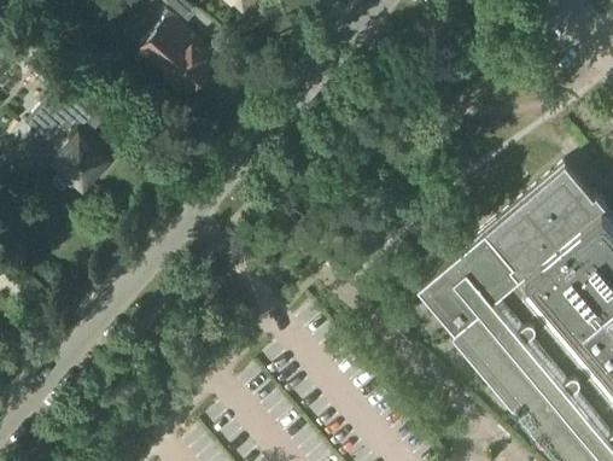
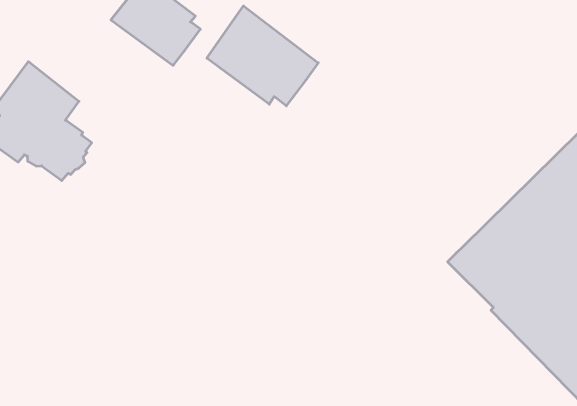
building: none -> [207,6,318,106]

